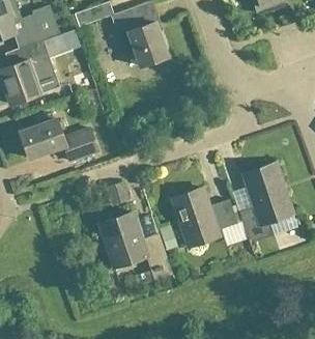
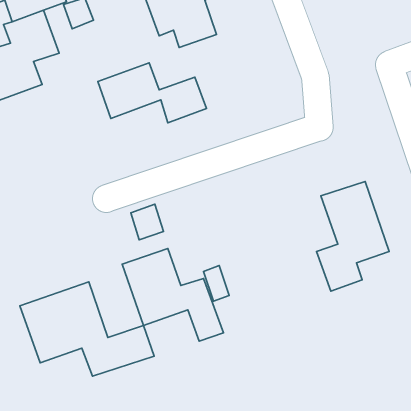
building: [19,118,97,162] -> [98,63,206,123]
building: [171,188,237,247] -> none
building: none -> [20,282,154,376]

